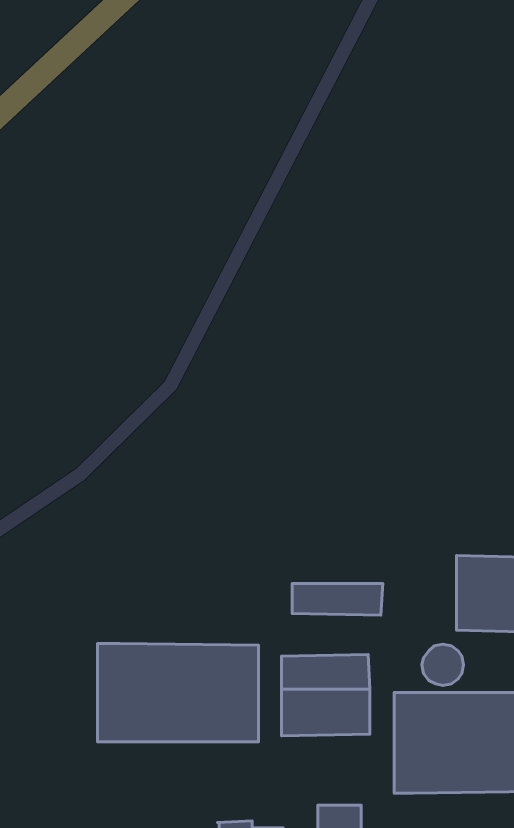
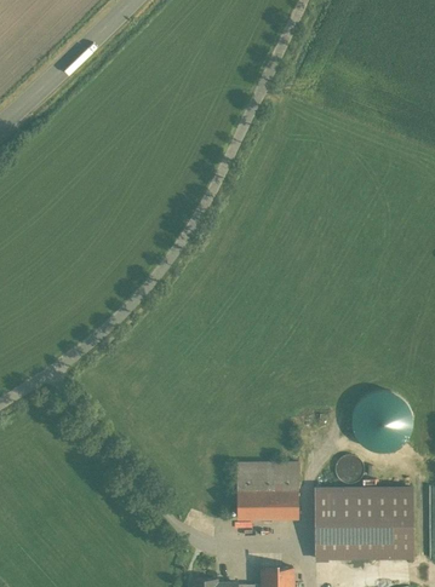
building: [292,584,383,615] -> none
building: [98,643,258,742] -> none

